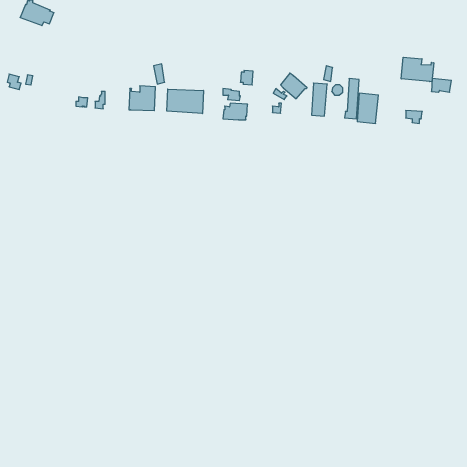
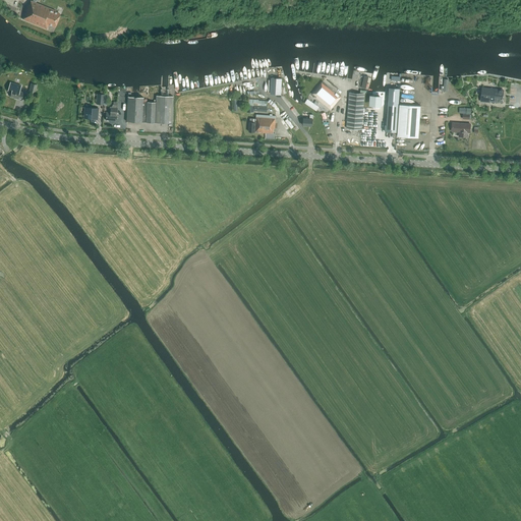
building: [401,57,434,82] -> none
building: none -> [126,97,144,122]
building: [167,89,203,114] -> none

